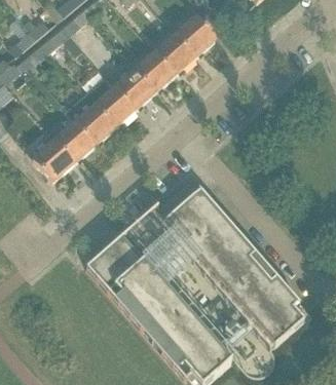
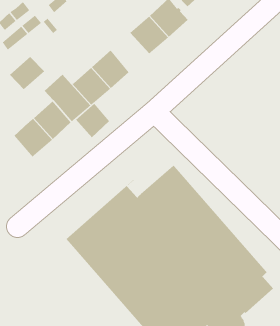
building: [135,51,175,92] -> none
building: none -> [9,56,45,90]
building: none -> [75,103,110,138]

